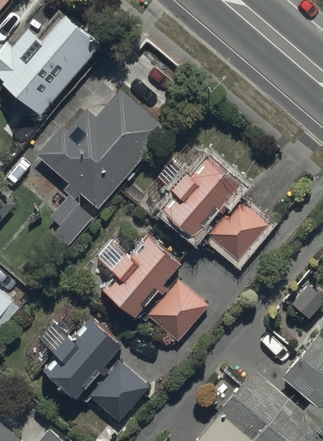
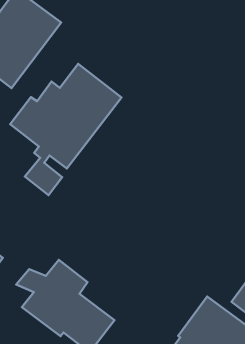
building: [158,158,270,269] -> none
building: [97,238,208,348] -> none

